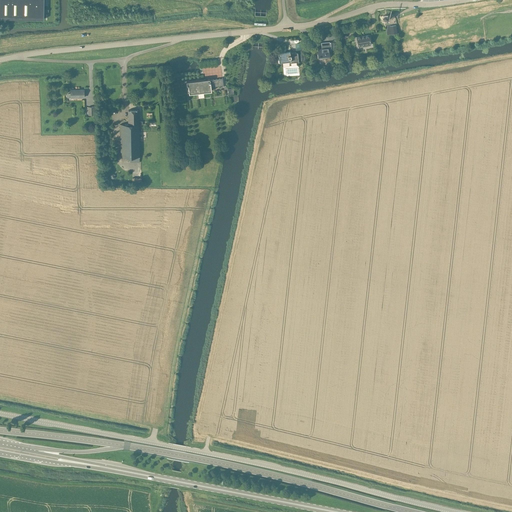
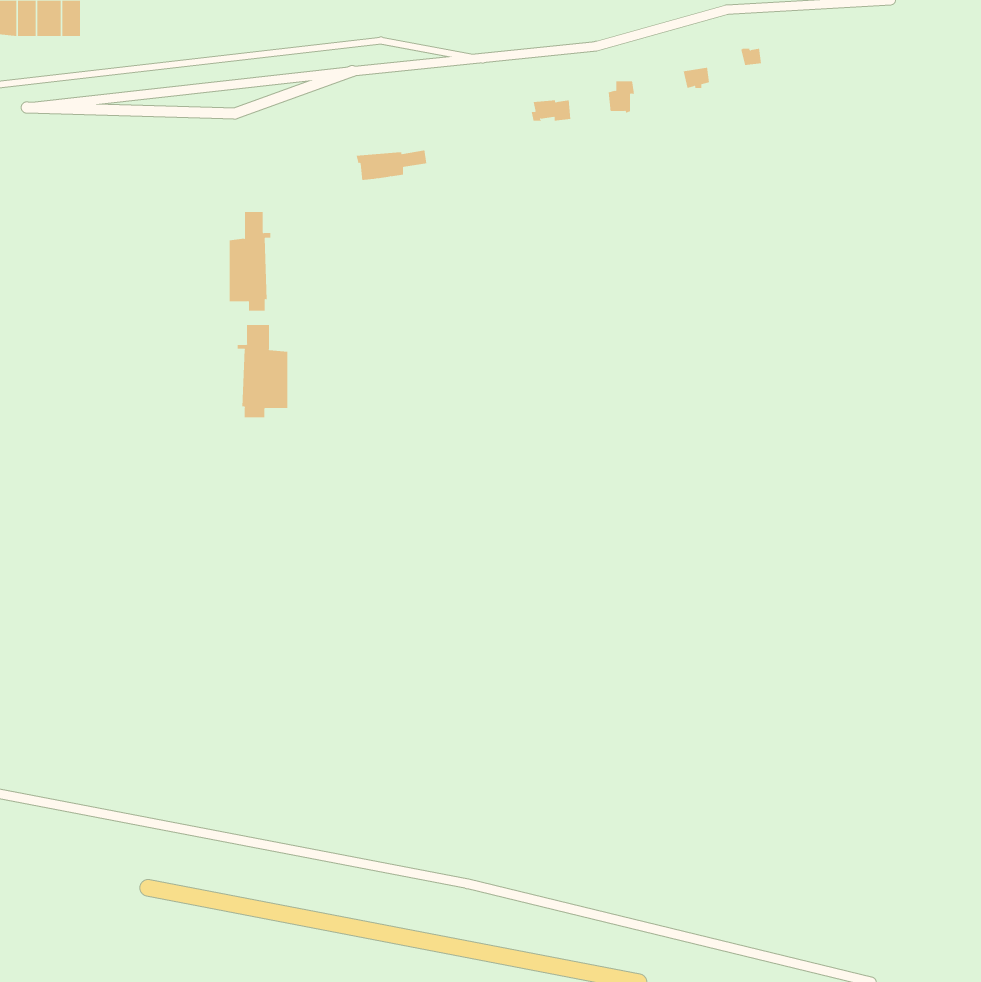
building: none -> [237,324,288,418]

